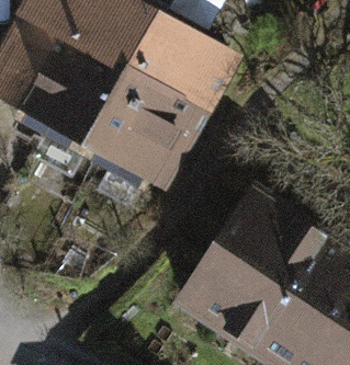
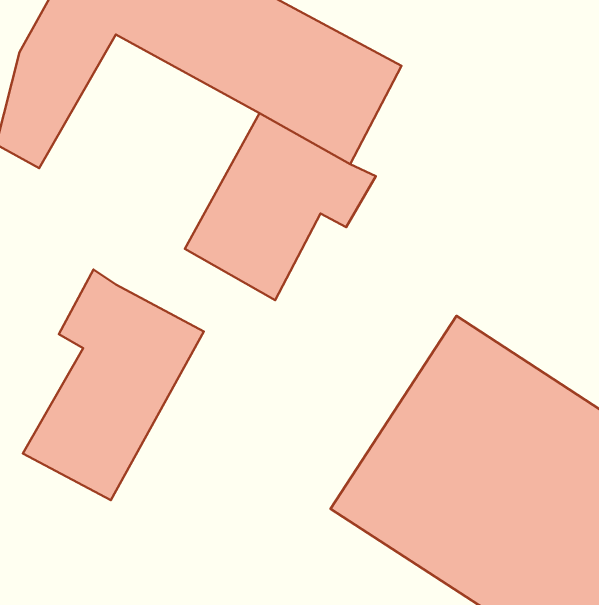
building: [24,34,147,153] -> none
building: none -> [23,269,204,500]

